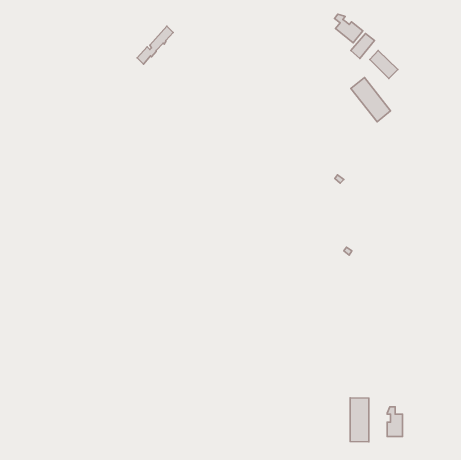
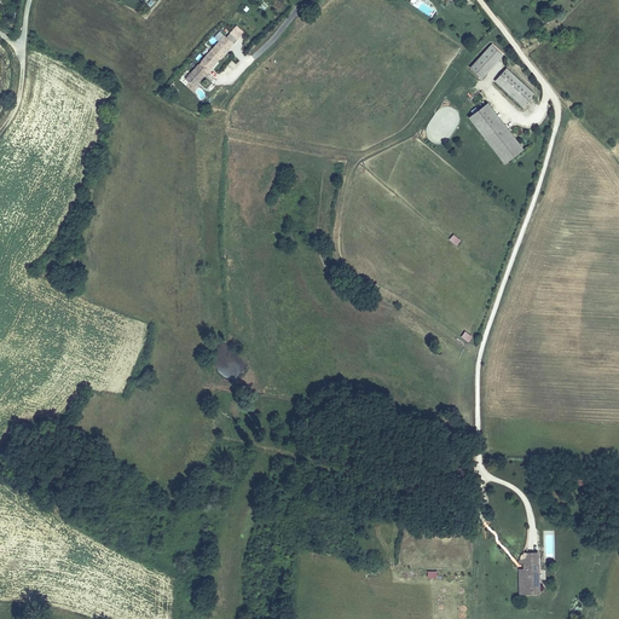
building: [334,14,363,43] -> none
building: [350,398,369,442] -> none

